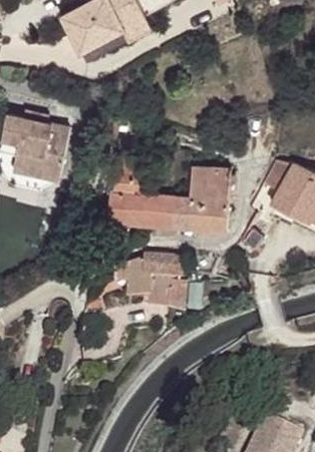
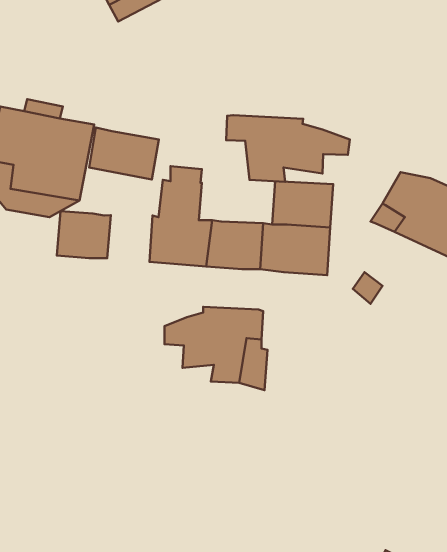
building: none -> [226,115,350,182]
building: none -> [89,127,159,180]
building: none -> [57,211,111,258]

